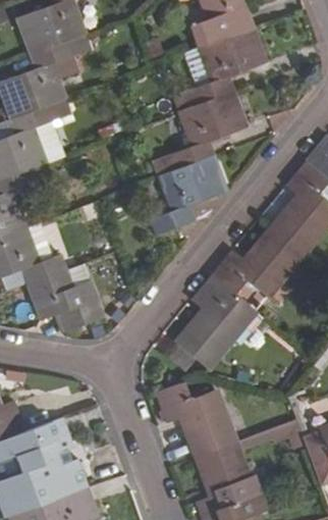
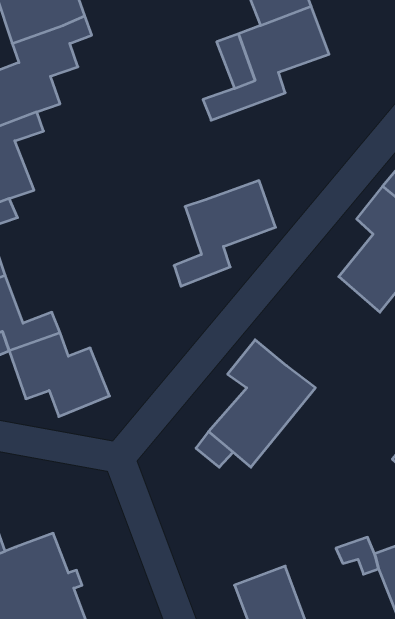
building: [169,91,245,170] -> none
building: [211,227,304,297] -> none
building: [155,382,233,457] -> none

